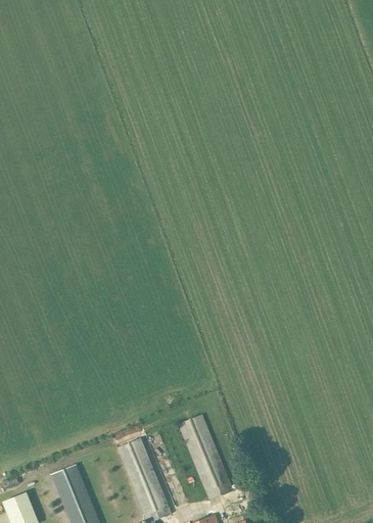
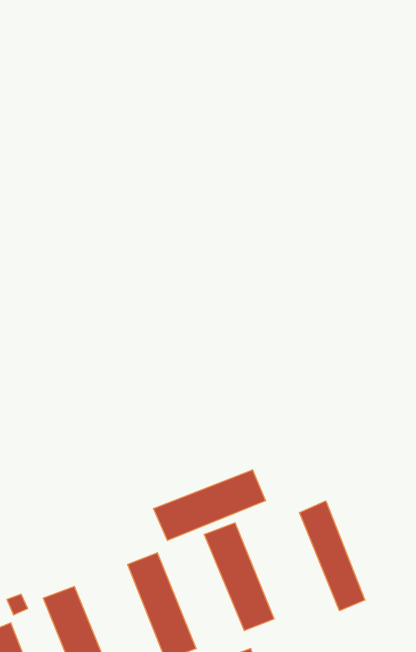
building: none -> [154,470,265,541]
building: none -> [300,501,365,611]

